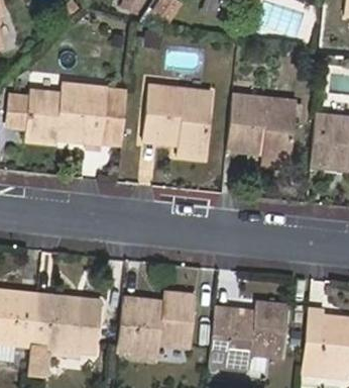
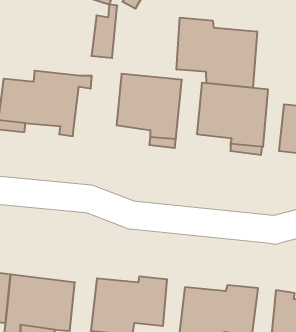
building: none -> [177,18,257,88]
building: [101,88,127,142] -> [91,5,117,58]

